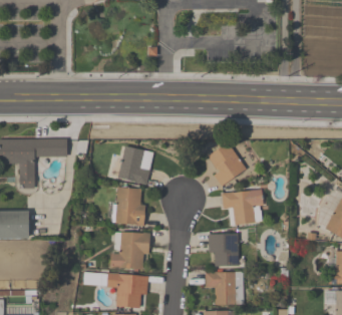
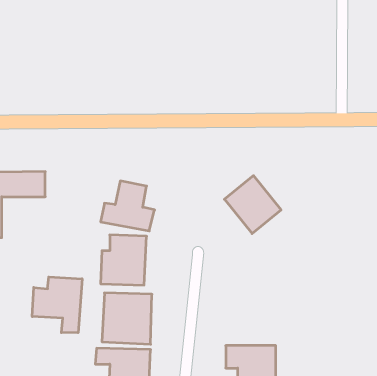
building: [222,189,265,225] -> none
building: none -> [32,277,82,333]
building: [209,234,240,267] -> none

